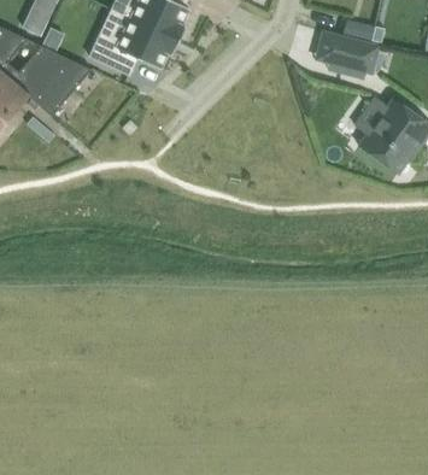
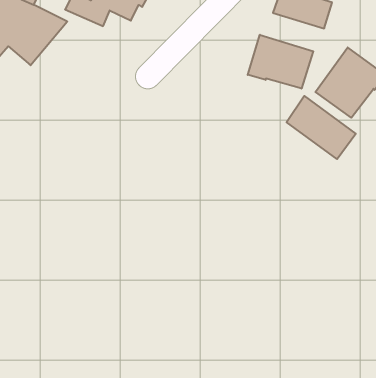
building: none -> [248,35,313,89]
building: none -> [287,96,356,159]

